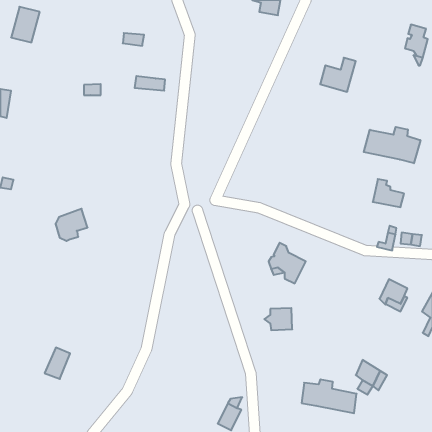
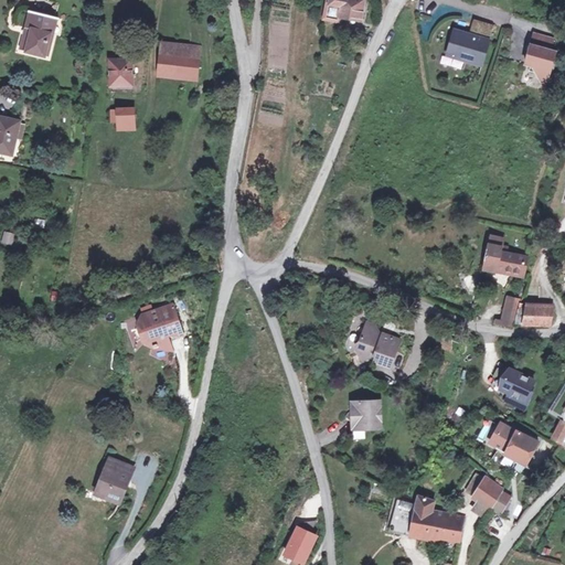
building: none -> [109,62,130,88]
building: [320,58,356,92] -> [449,22,495,66]
building: [135,76,165,91] -> [159,58,199,77]
building: [364,127,420,163] -> none
building: [55,209,88,241] -> [137,307,179,349]
building: none -> [490,420,536,461]
building: [45,348,70,379] -> [98,458,131,499]

